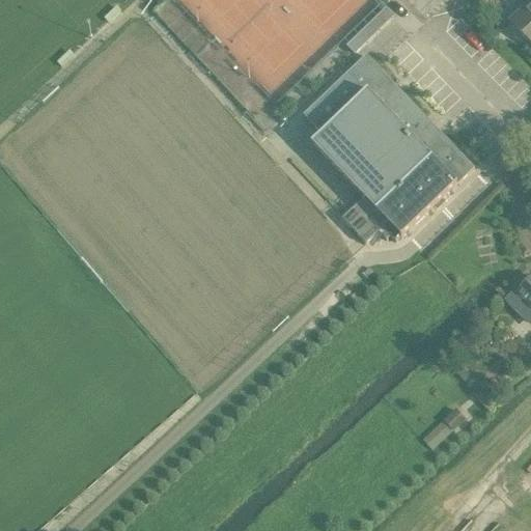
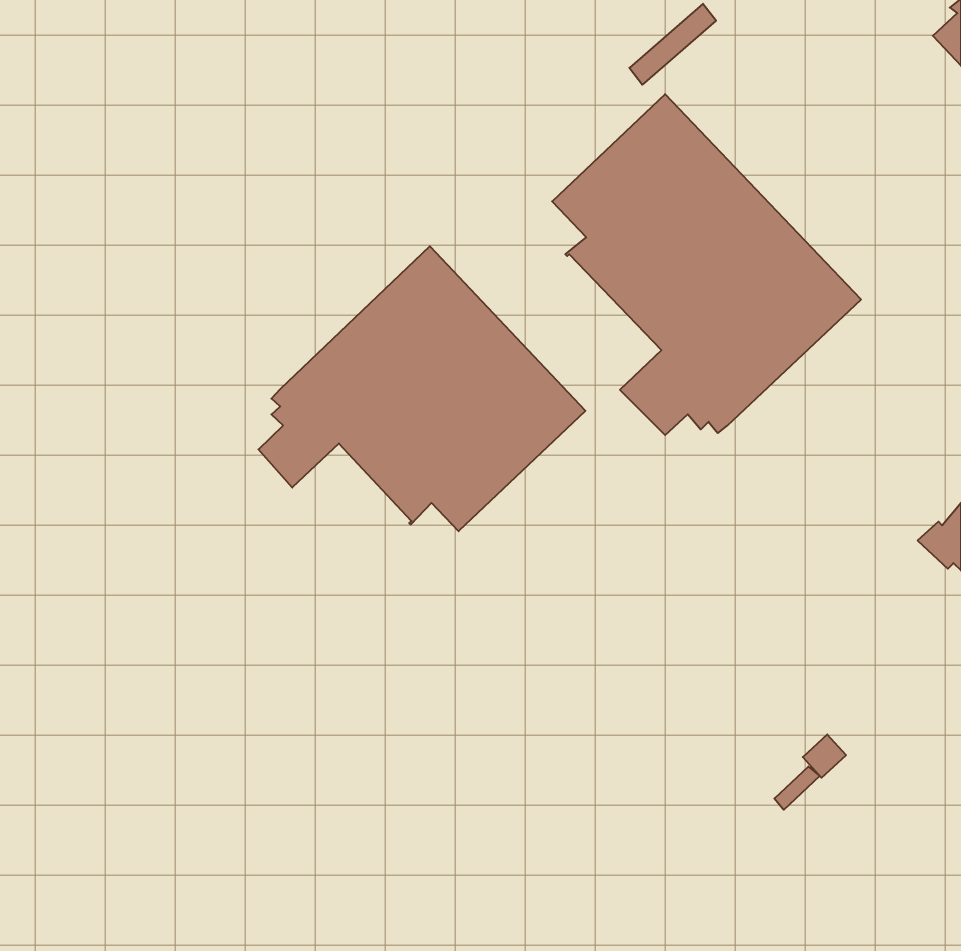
building: none -> [258,246,585,531]

